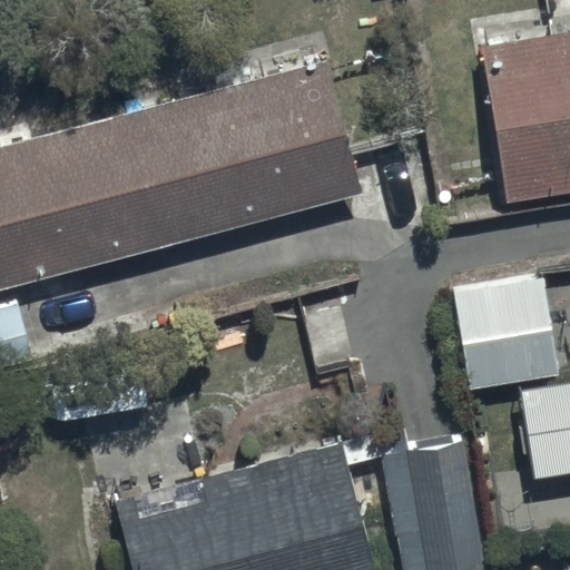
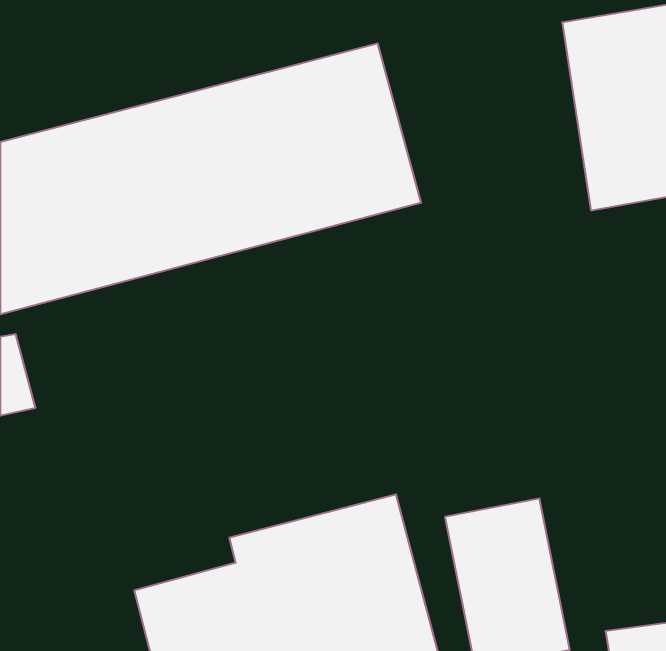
building: [454,276,559,387] -> none

